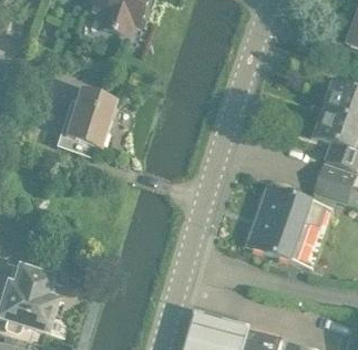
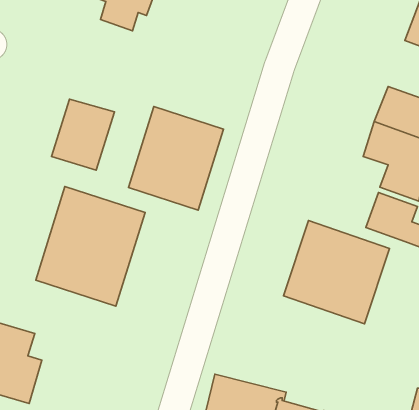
building: none -> [128,107,224,210]
building: none -> [36,187,145,306]

